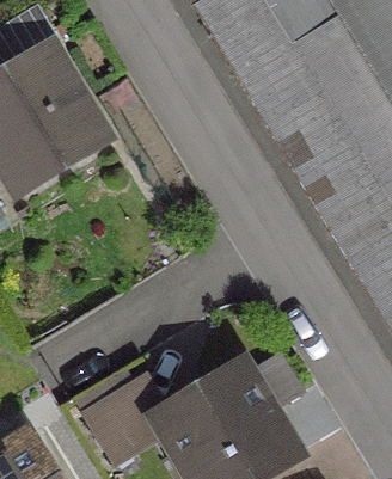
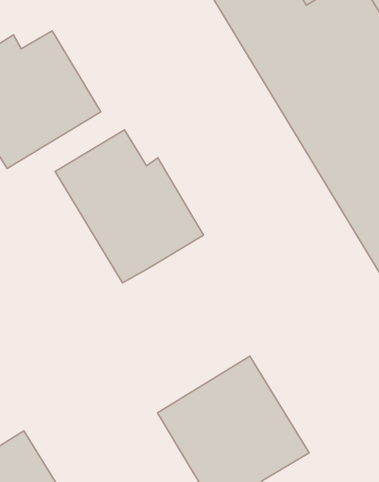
building: none -> [55,130,204,283]

